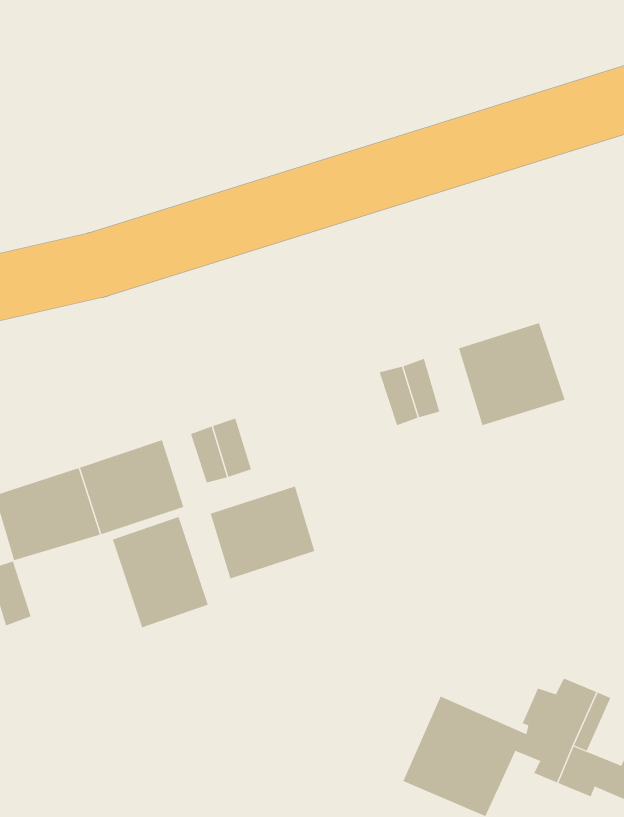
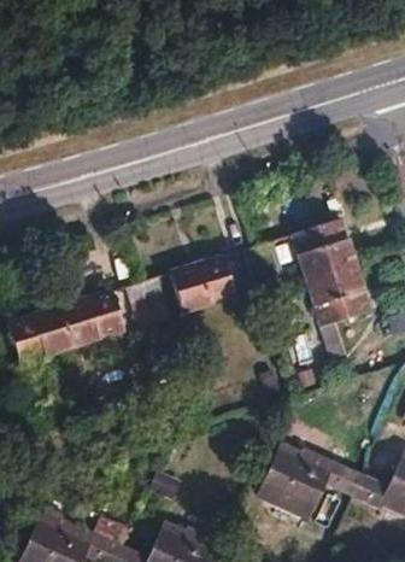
building: none -> [307,264,372,358]
building: [210,486,315,579] -> [172,254,236,311]
building: [112,516,208,628] -> none

